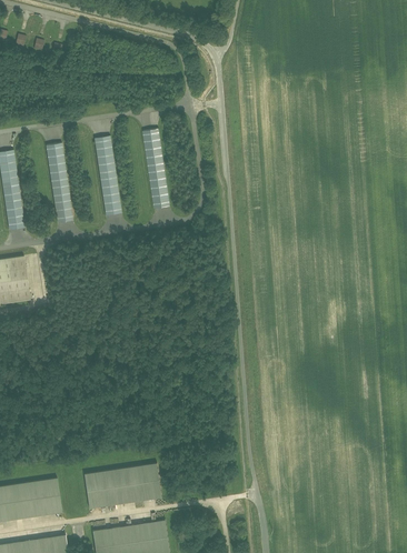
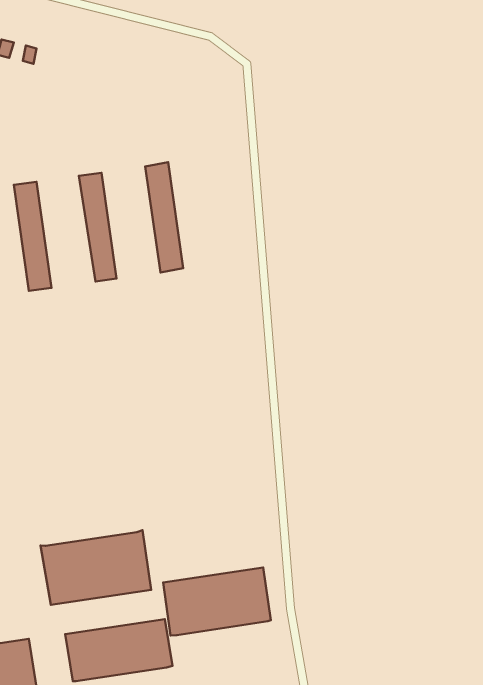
building: none -> [41,530,151,605]
building: none -> [163,567,271,635]

